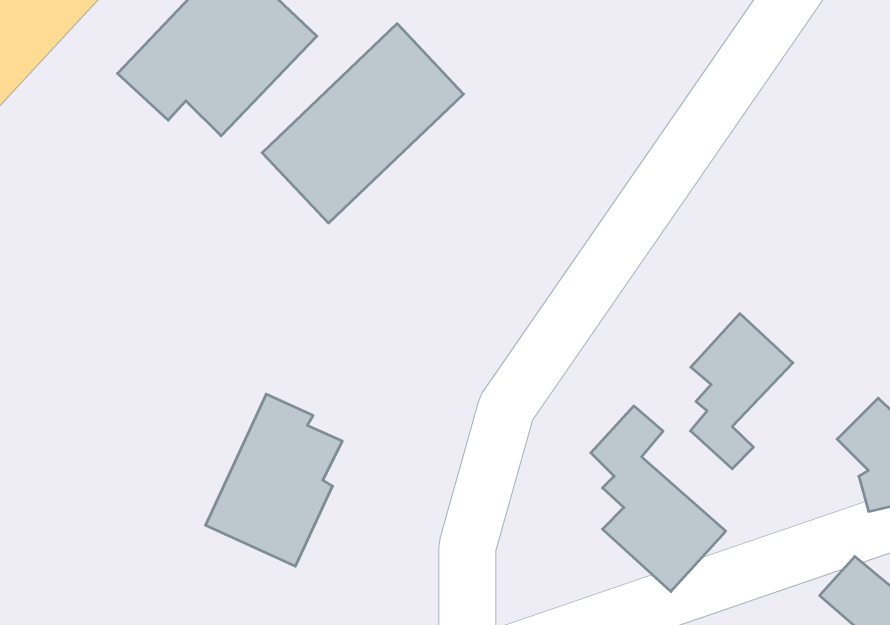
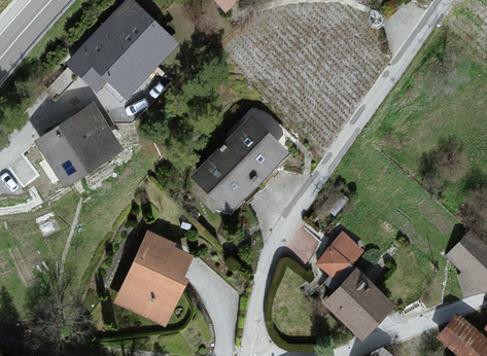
building: [262,24,464,223] -> [182,113,288,218]
building: none -> [39,107,119,184]
building: [690,314,793,469] -> none

